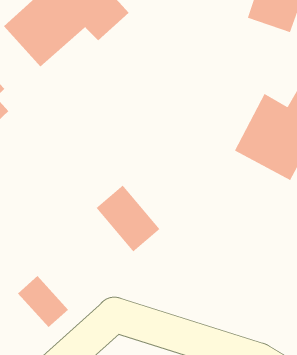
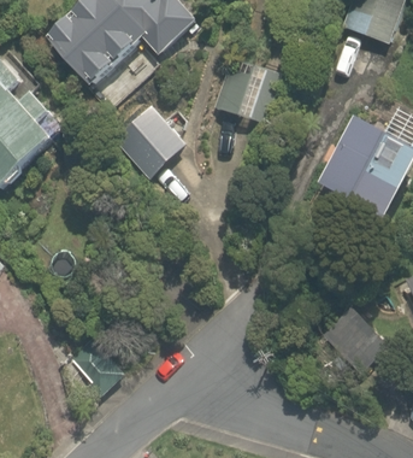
building: none -> [210,57,279,123]
building: [96,185,160,253] -> [107,100,184,181]
building: none -> [321,306,388,374]

